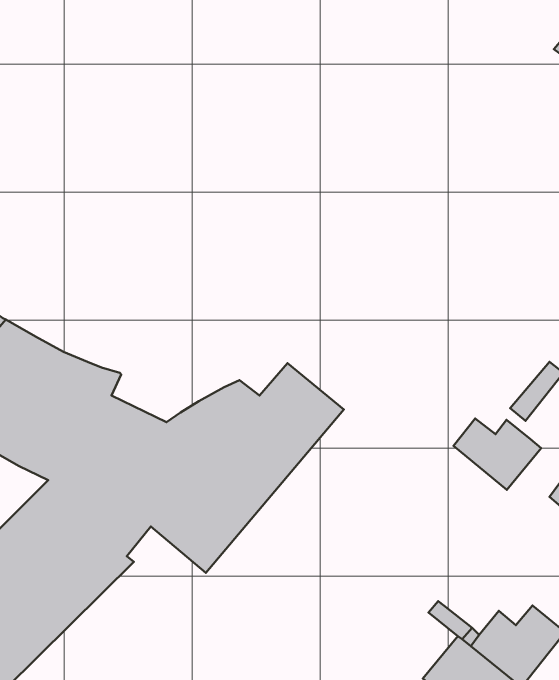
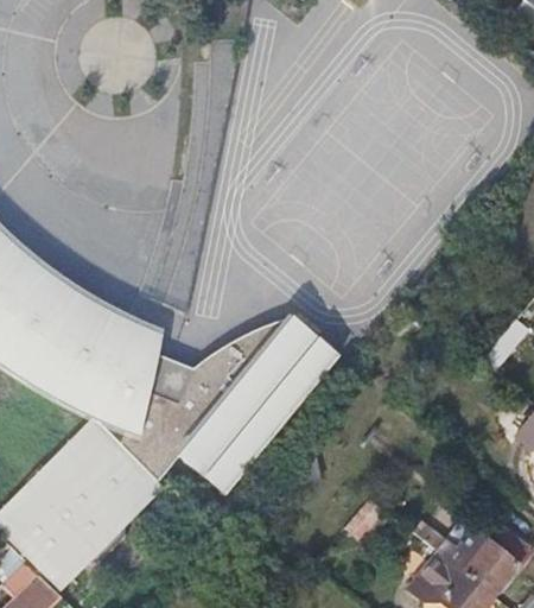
building: [453,418,541,490] -> none

